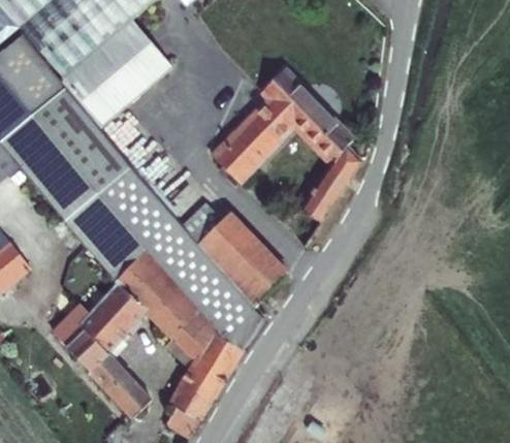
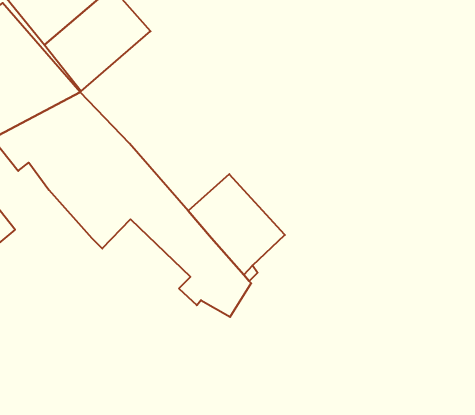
building: [212,72,356,223] -> none
building: [55,249,242,432] -> none

